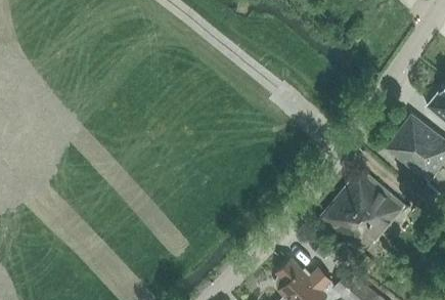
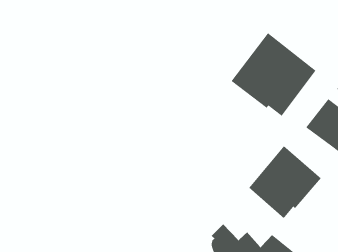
building: none -> [230,32,316,117]

